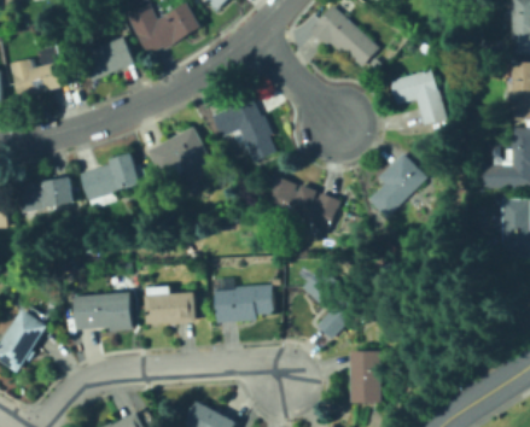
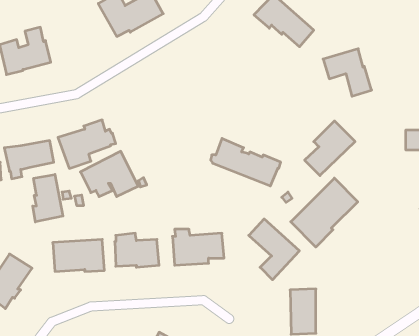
building: [77,36,134,81] -> none
building: [211,98,275,162] -> none
building: [146,125,214,179] -> [80,151,138,197]
building: none -> [33,174,63,222]
building: none -> [291,178,358,247]

